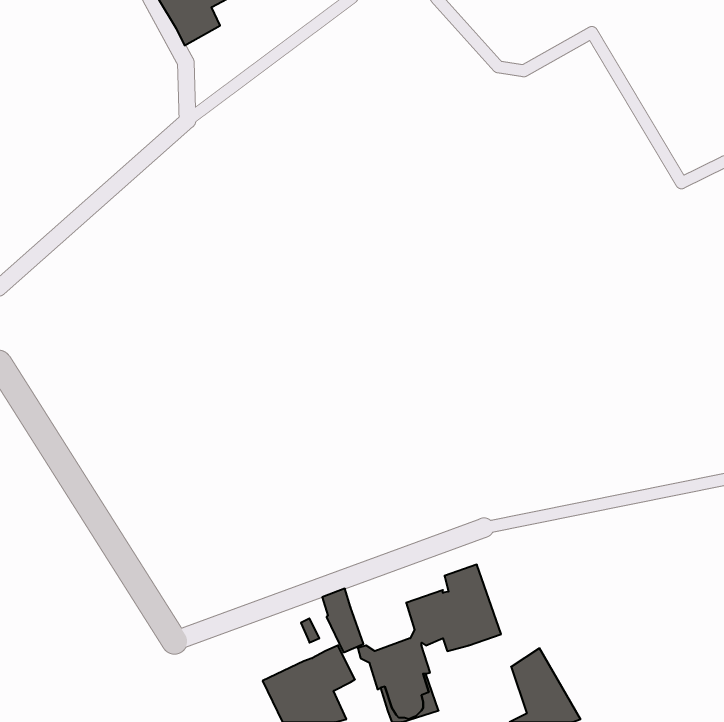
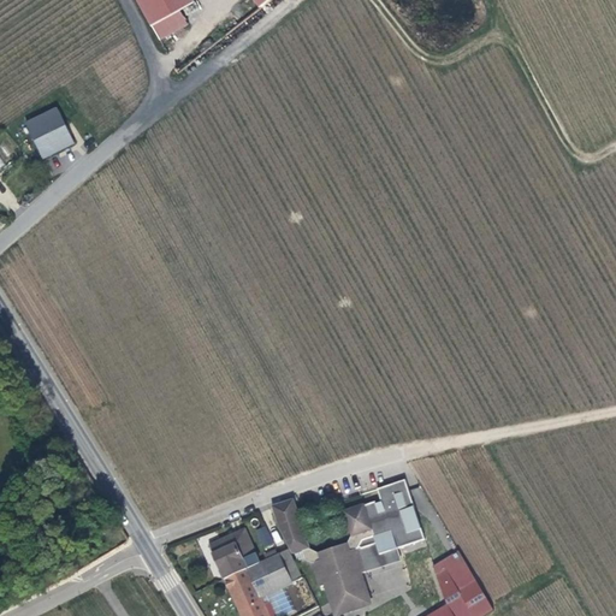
building: none -> [25,107,73,156]
building: none -> [207,527,257,578]
building: none -> [357,541,401,570]

